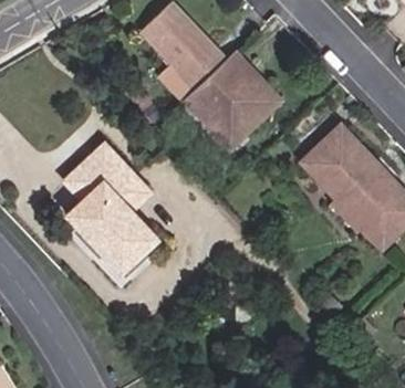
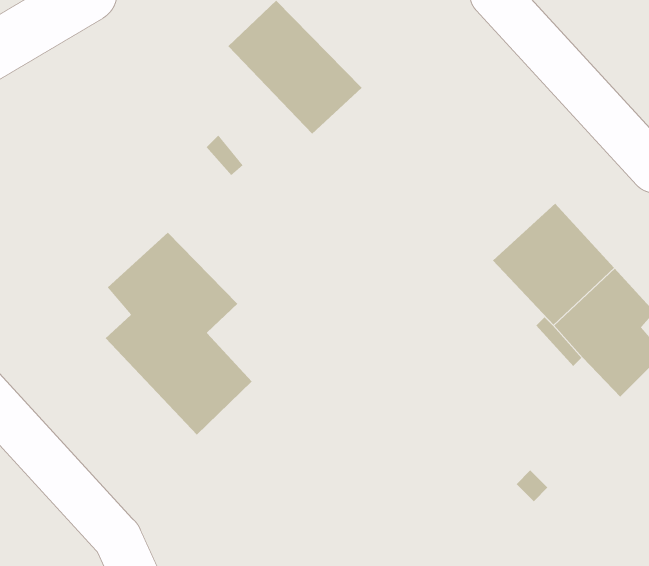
building: [183,51,278,146] -> none

